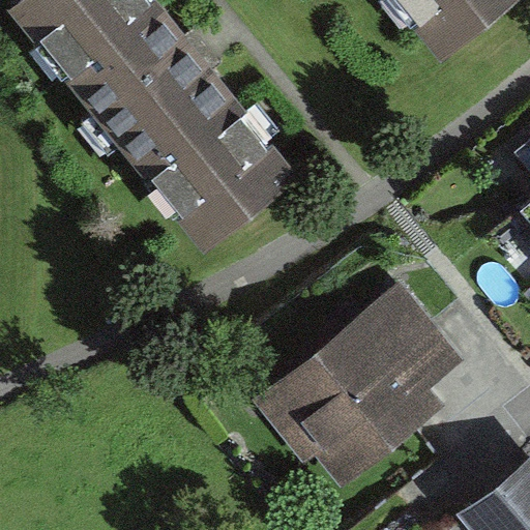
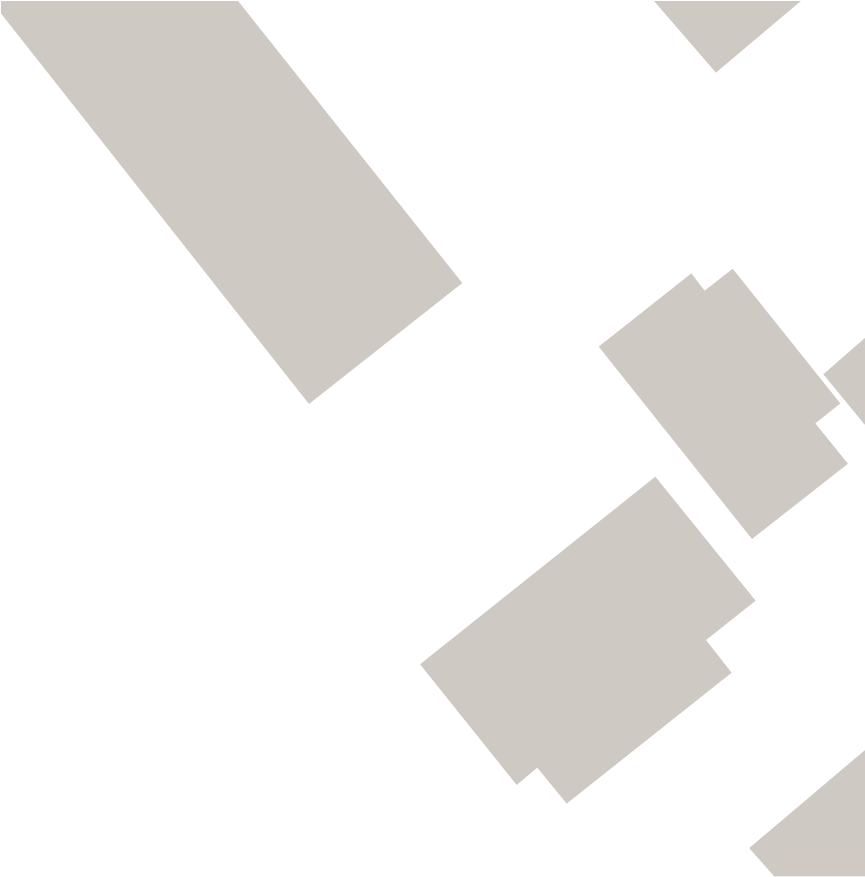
building: none -> [597,268,849,540]

